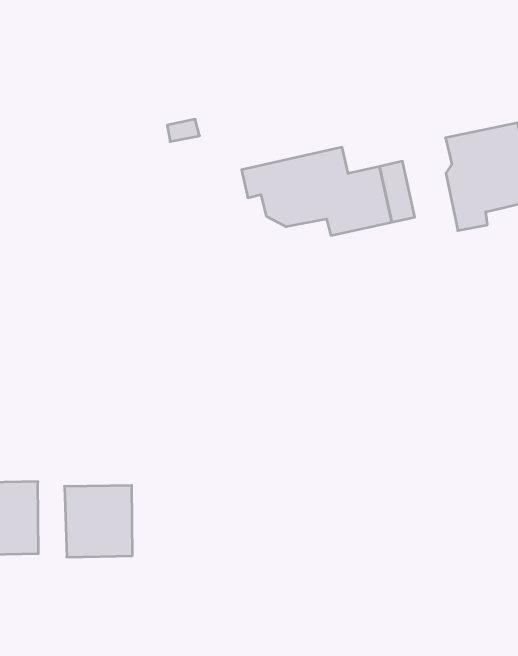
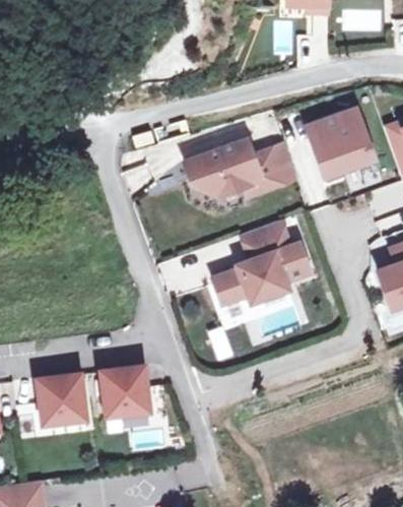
building: none -> [212,219,309,303]

